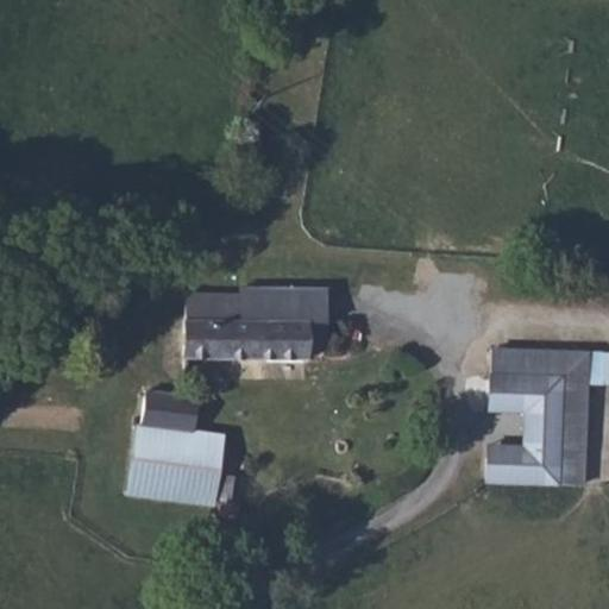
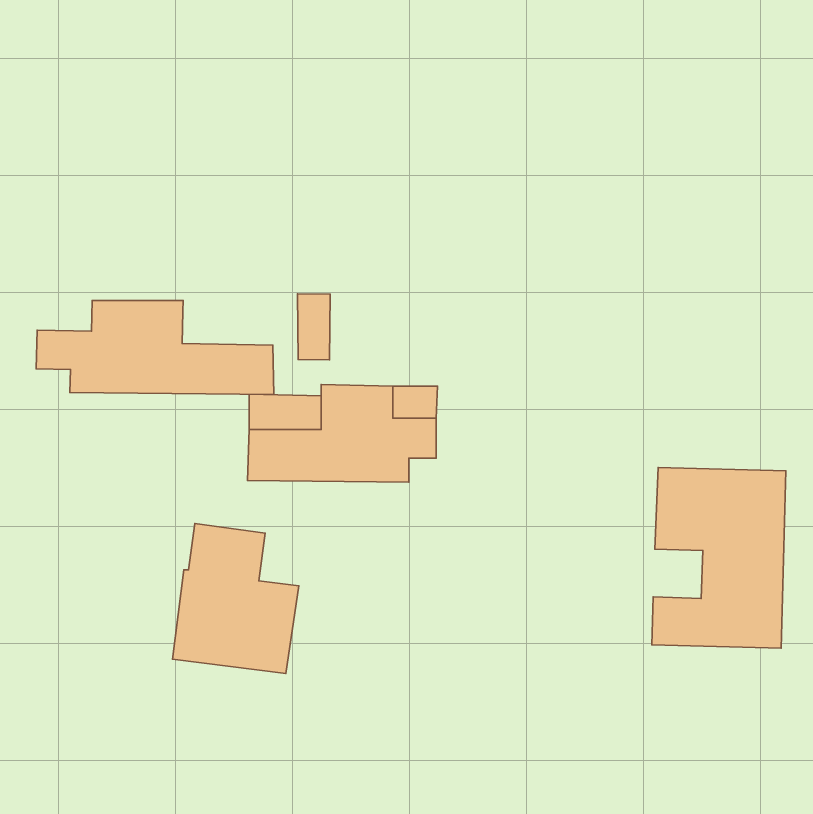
building: none -> [297,294,330,360]
building: none -> [36,300,274,394]

